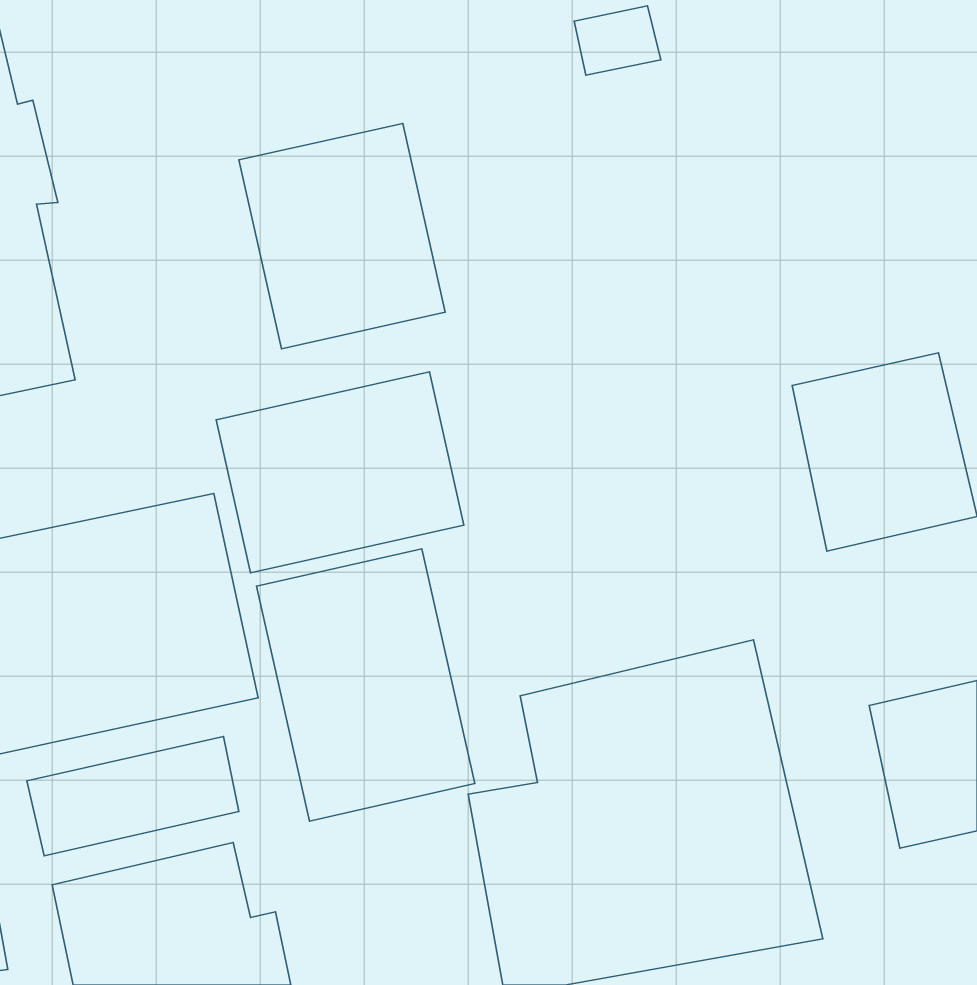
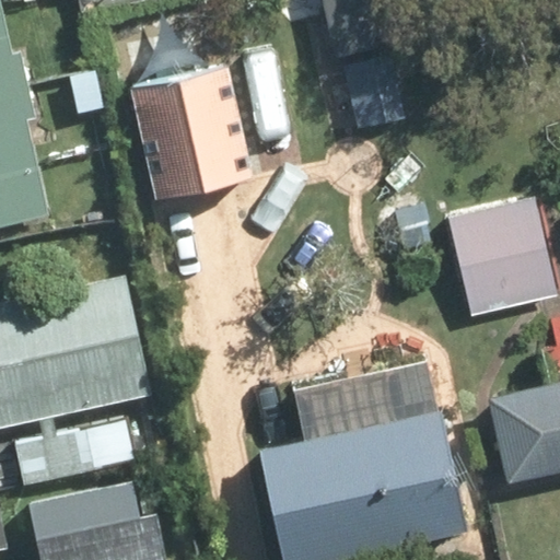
building: [216,372,464,573] -> none
building: [257,549,475,821] -> none

